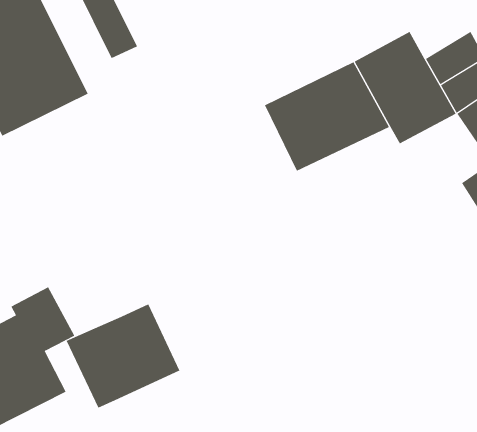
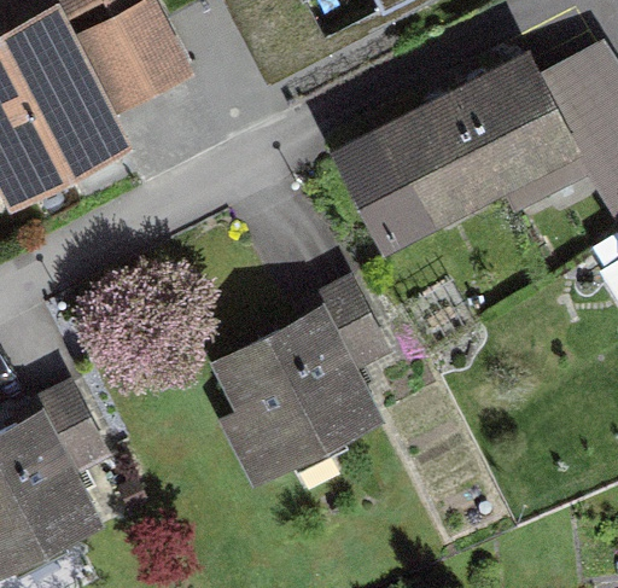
building: none -> [206,284,383,473]
building: [66,304,180,409] -> none

